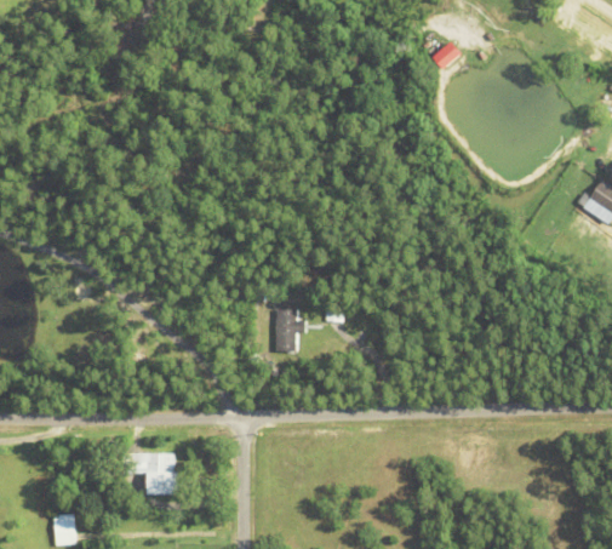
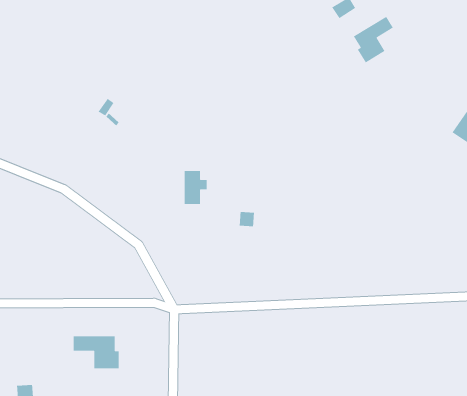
building: none -> [353,16,394,64]
building: [274,308,303,350] -> [184,170,208,205]

